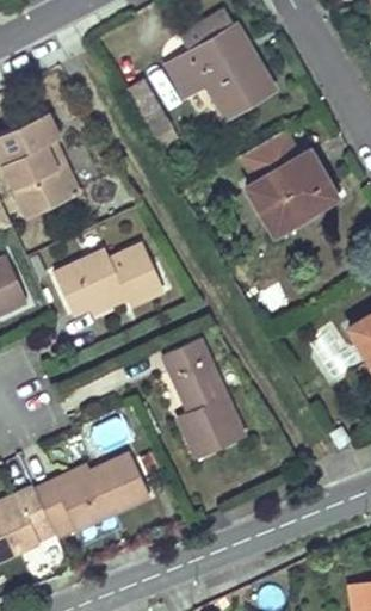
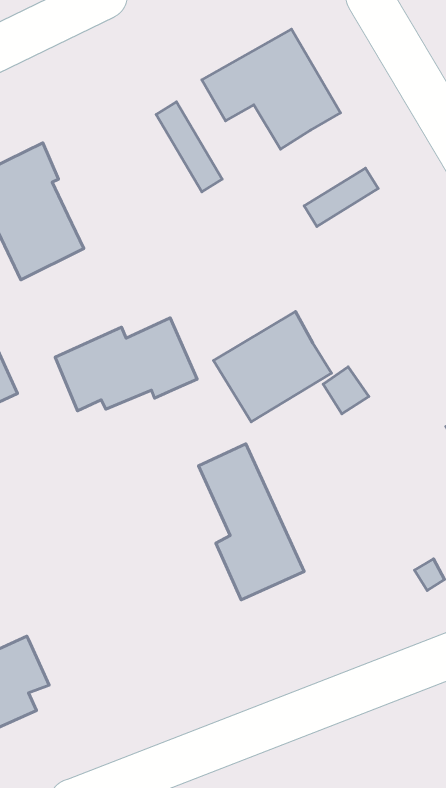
building: [246,149,335,233] -> [214,312,332,422]
building: [35,452,149,538] -> none

